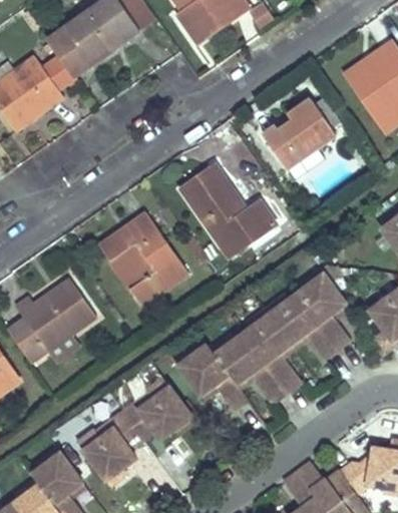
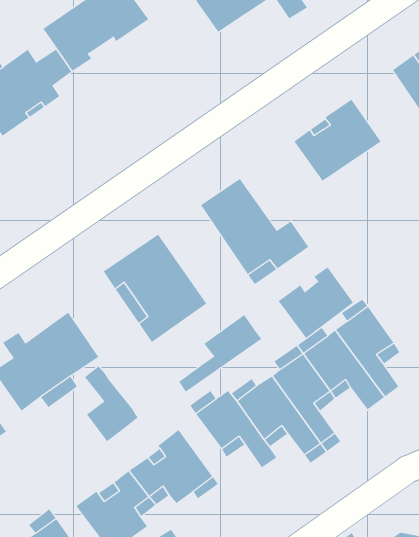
building: none -> [278,267,354,339]
building: none -> [179,314,262,393]
building: none -> [84,365,139,442]

